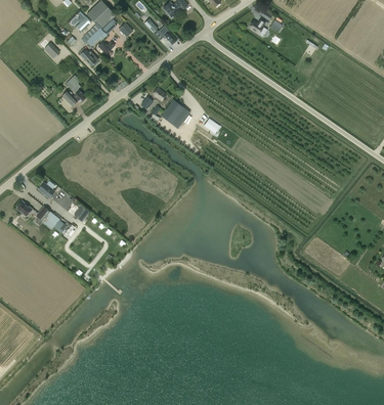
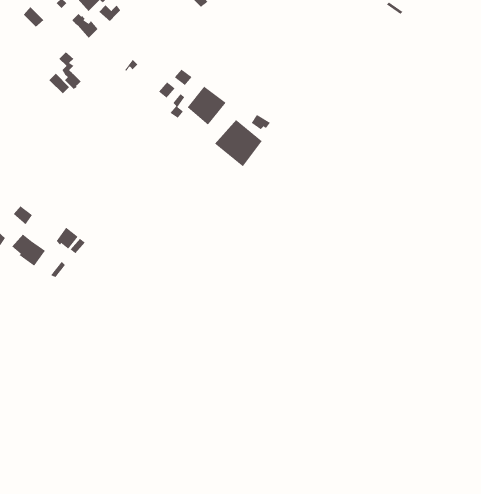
building: none -> [214,119,263,167]

